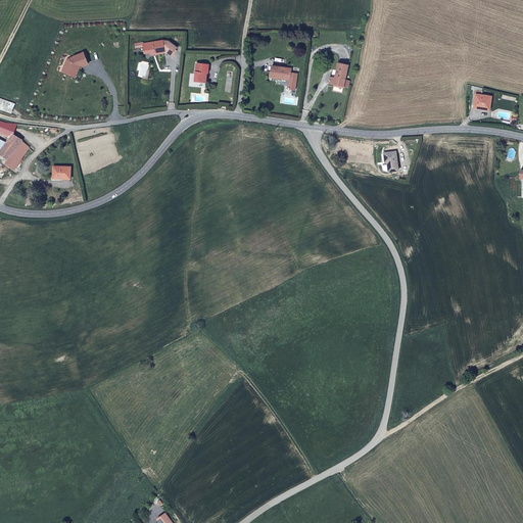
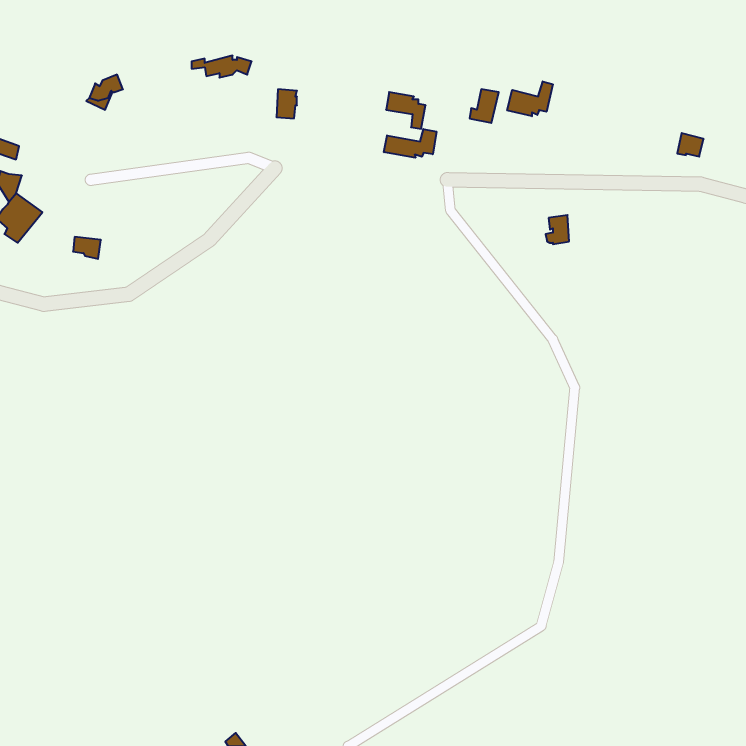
building: none -> [507,81,553,116]
building: none -> [384,129,436,158]

